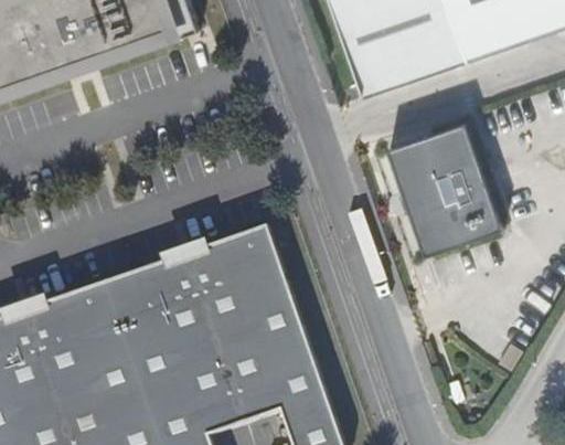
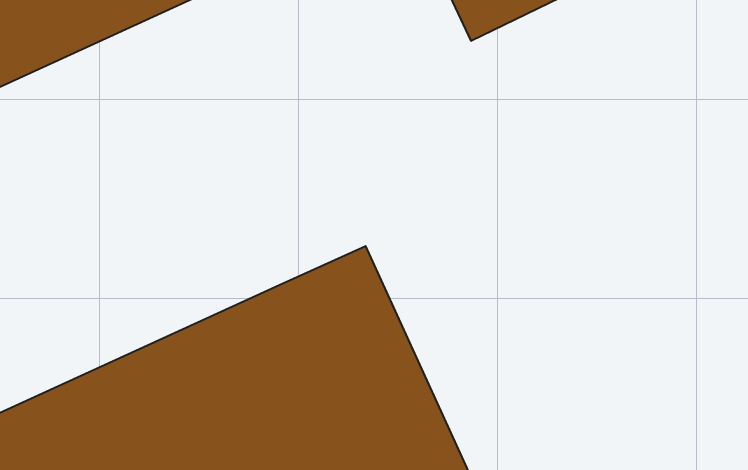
building: [386,120,501,255] -> none

